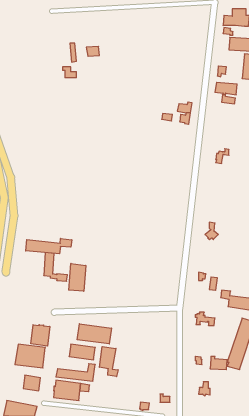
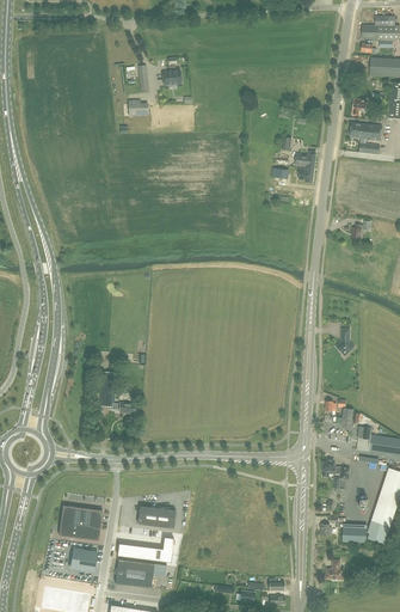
building: [26,238,72,254] -> none
building: [69,263,86,291] -> none
building: [77,324,111,344] -> none
building: [31,325,50,346] -> none
building: [99,347,118,377] -> none

